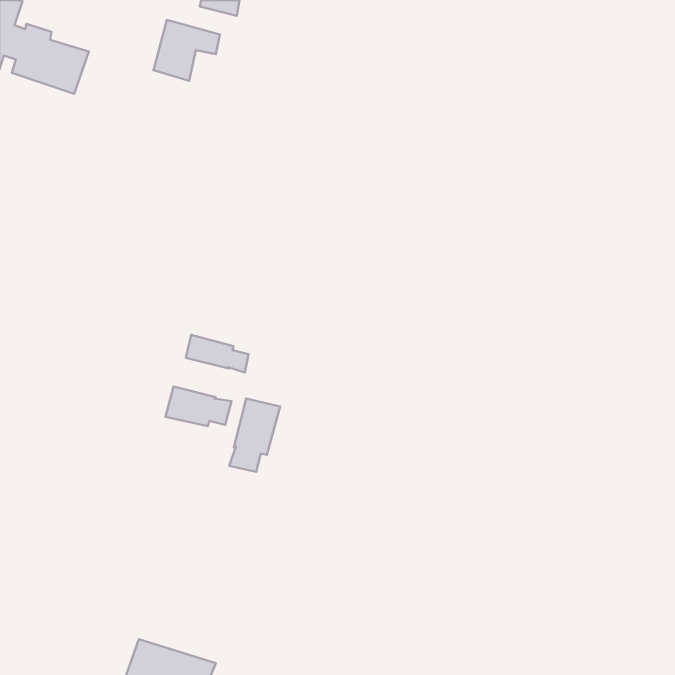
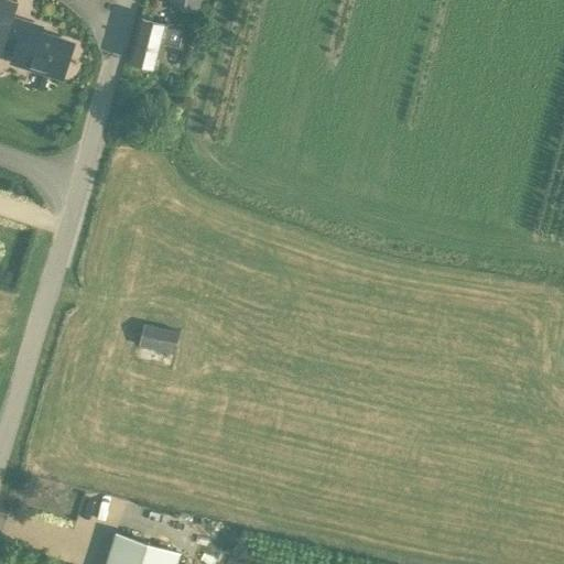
building: [186,335,249,373] -> none
building: [229,398,280,472] -> none

